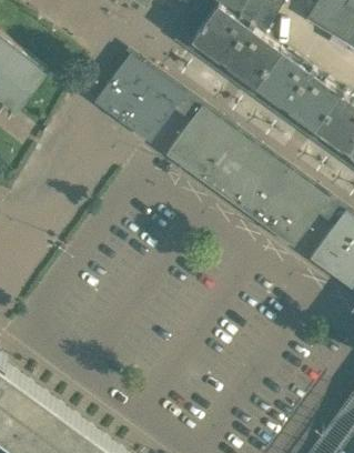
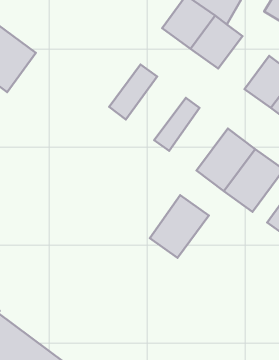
building: [252,50,310,110] -> none
building: [92,56,164,130] -> none
building: [164,108,215,168] -> none
building: [196,131,263,202] -> [150,195,209,258]

